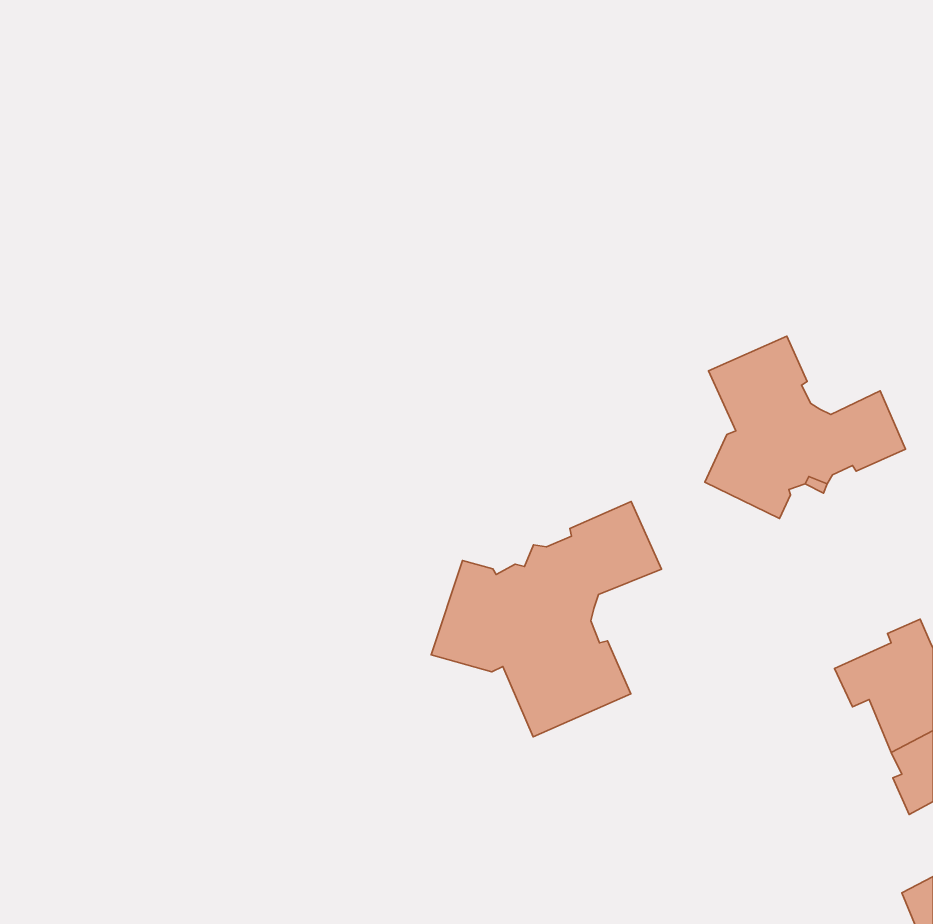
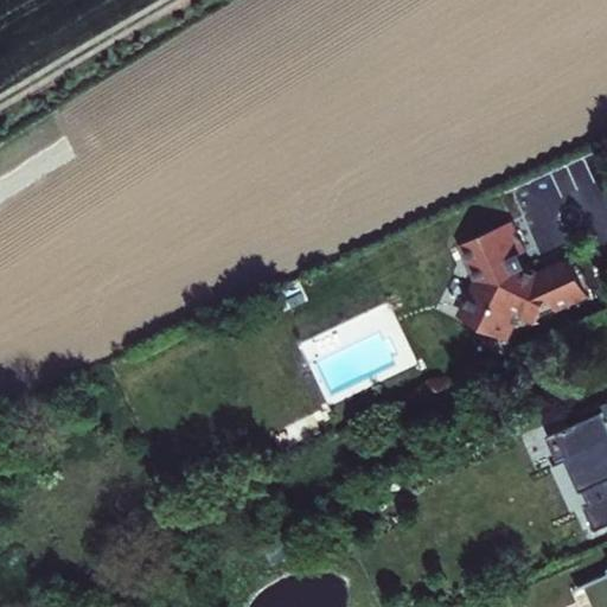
building: [431,502,661,737] -> none

